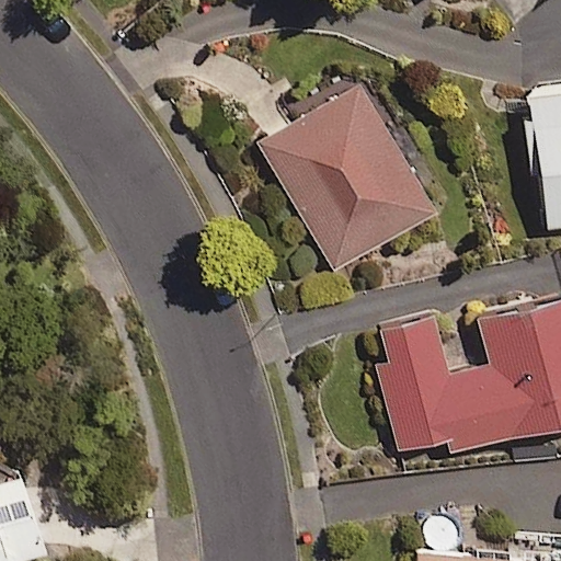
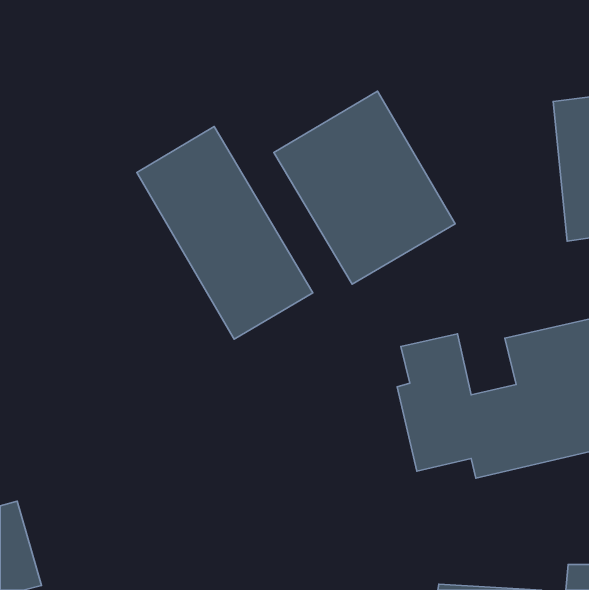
building: none -> [137,127,313,339]

